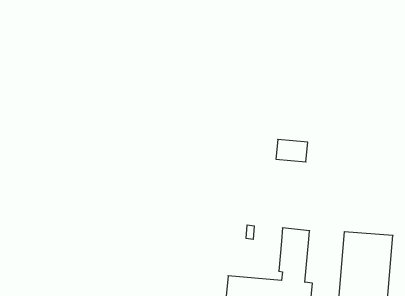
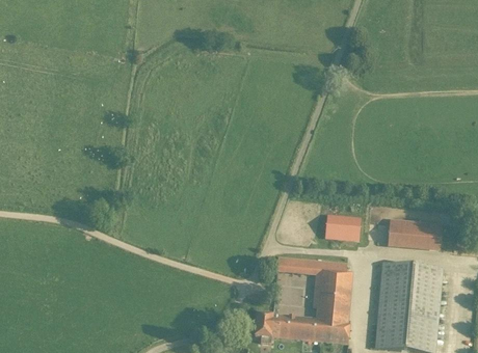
building: [276,139,308,162] -> [325,216,361,241]
building: none -> [389,220,443,247]

